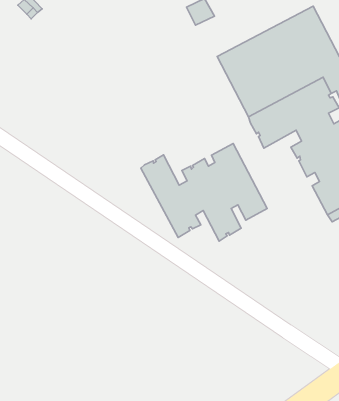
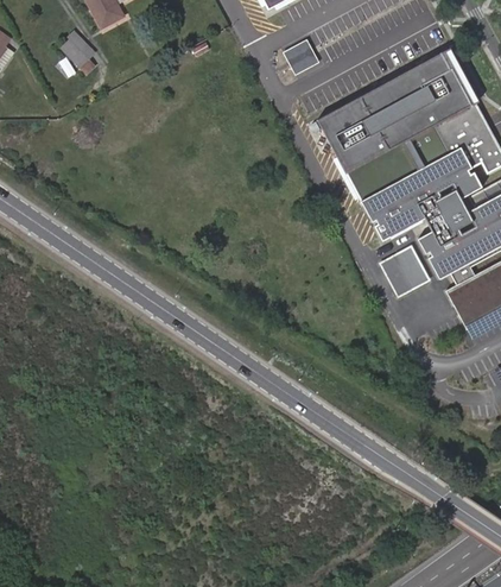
building: [141,144,267,241] -> none
building: none -> [376,246,426,297]

